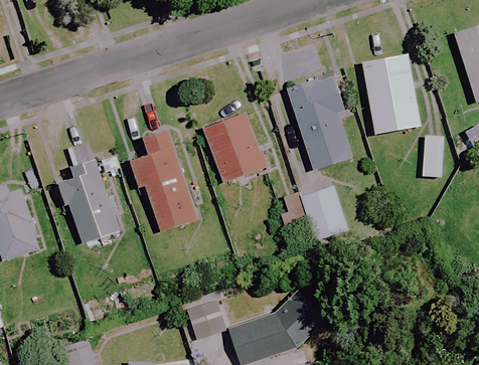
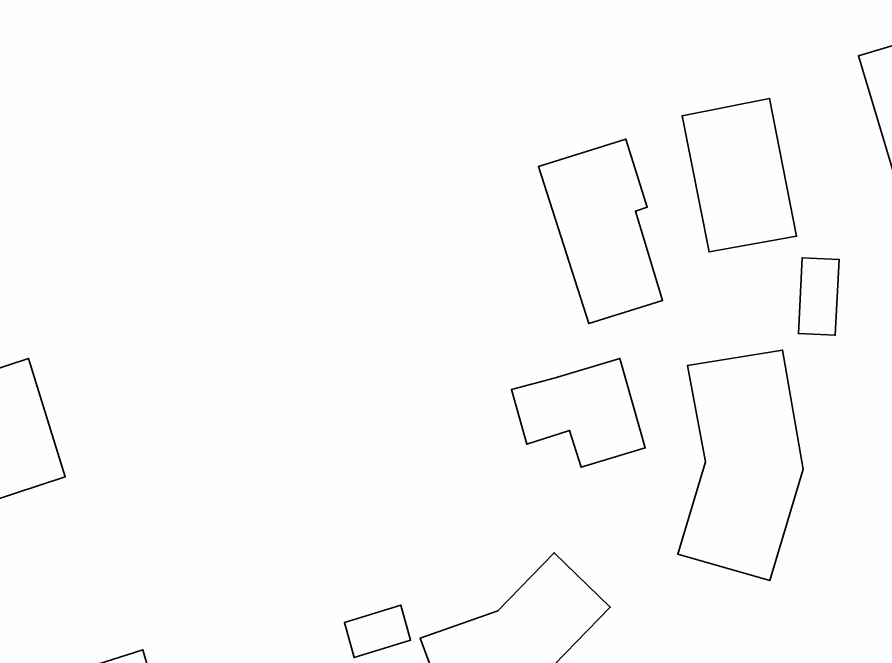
building: [204,111,268,181] -> none
building: [132,126,200,227] -> none
building: [59,158,122,240] -> none
building: none -> [678,350,803,581]

